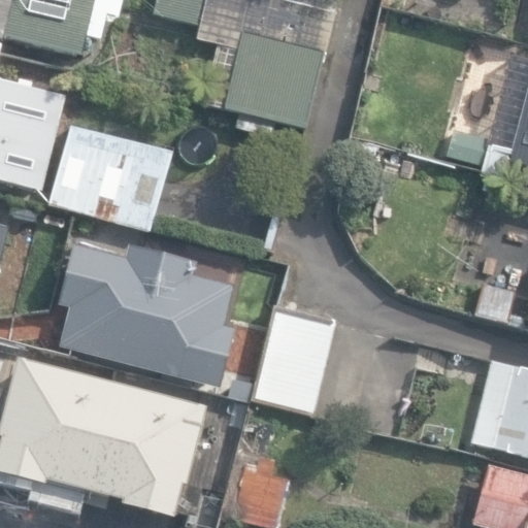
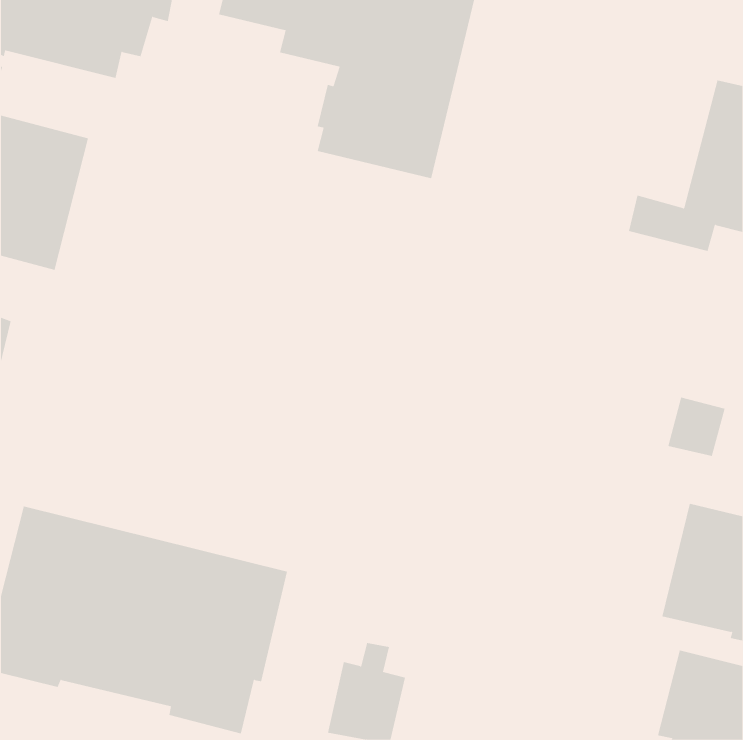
building: [47,125,169,231] -> none
building: [59,245,234,386] -> none
building: [253,306,335,415] -> none

